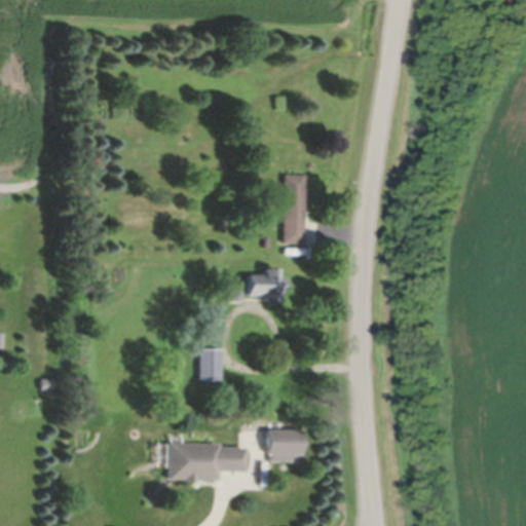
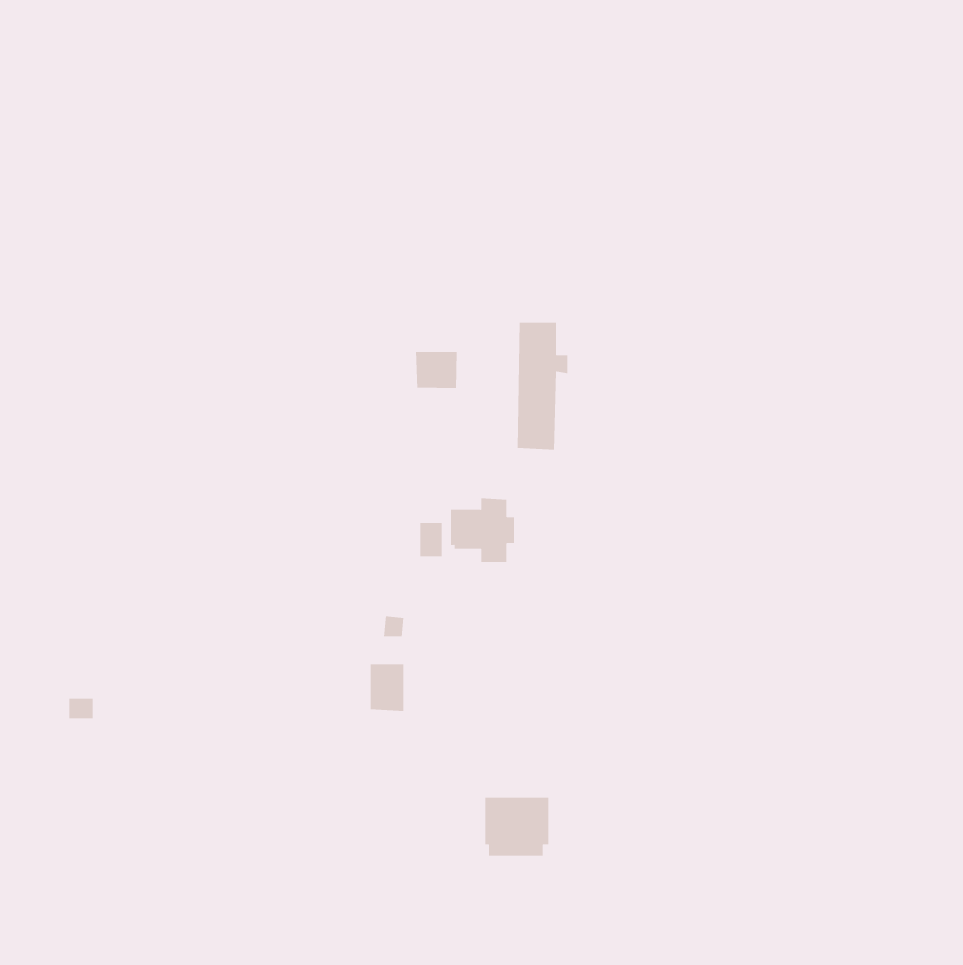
building: none -> [416,351,457,389]
building: [168,443,247,483] -> none

